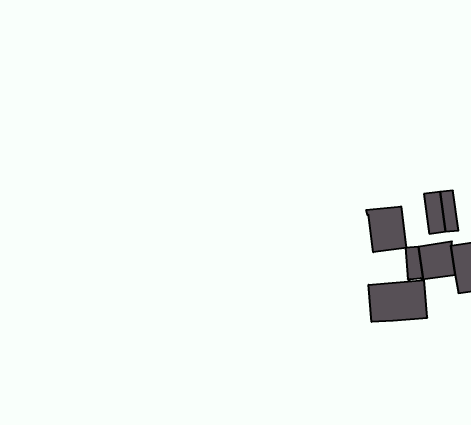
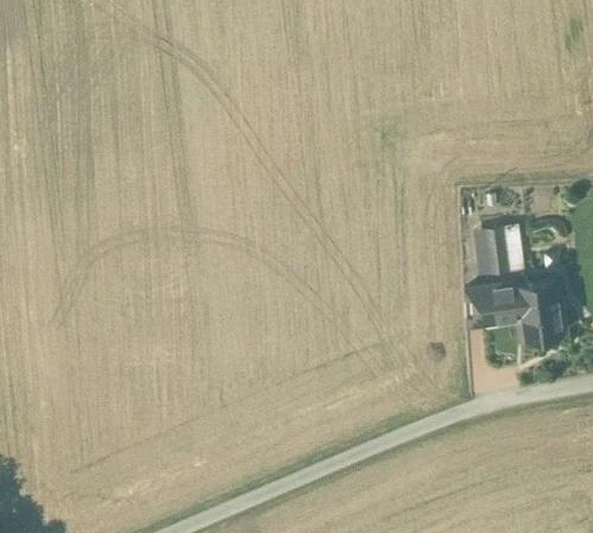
building: [366,206,407,252] -> none
building: [369,280,427,322] -> none

